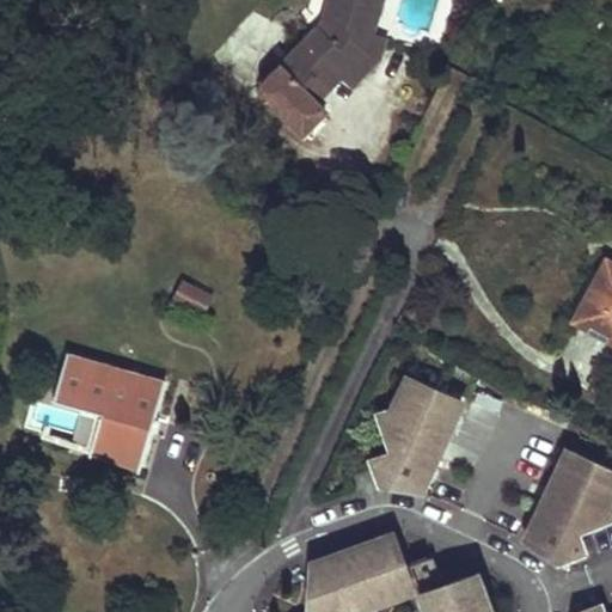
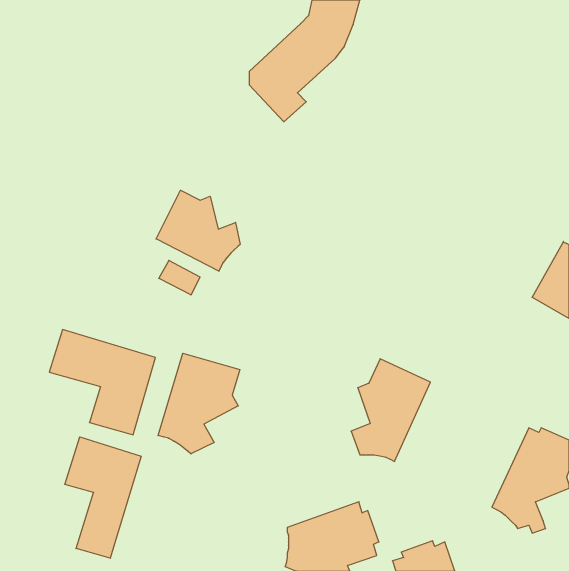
building: none -> [156,190,240,271]
building: none -> [158,353,240,454]
building: none -> [65,437,141,558]

